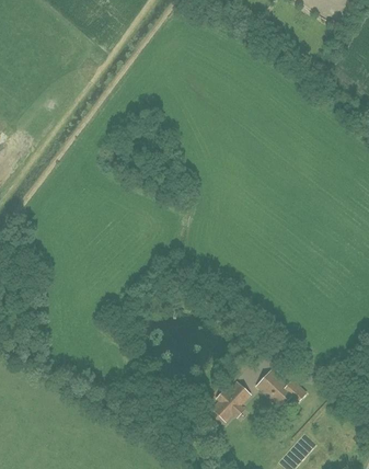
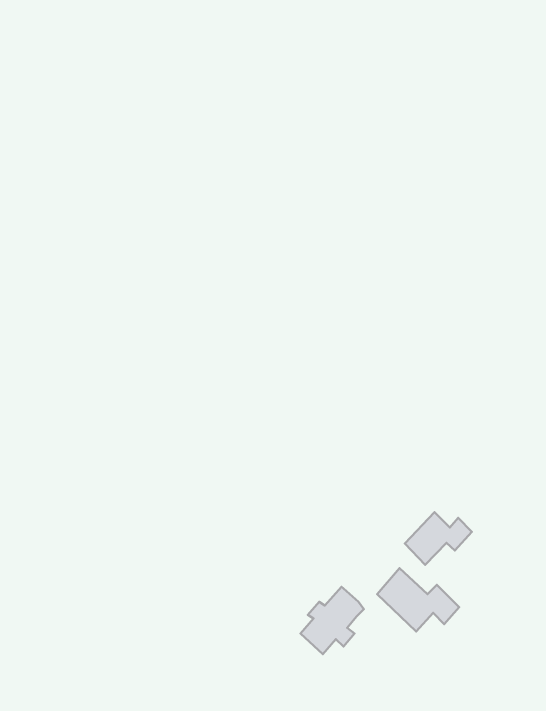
building: none -> [405,512,472,565]

